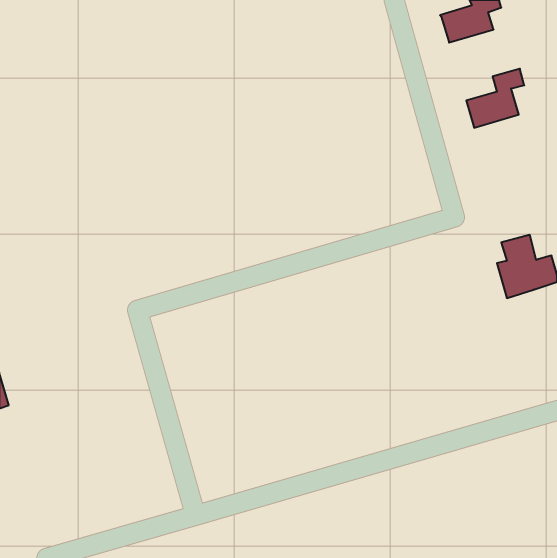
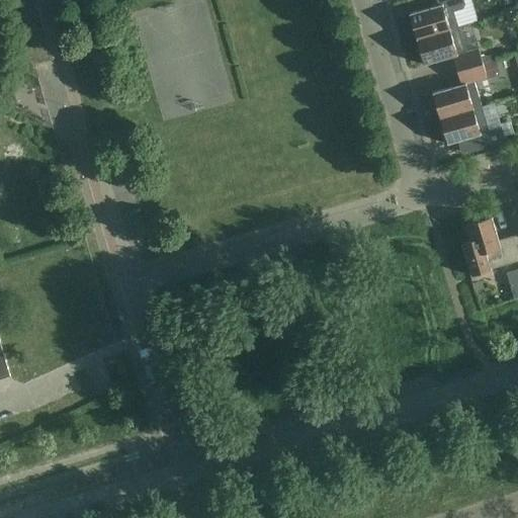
building: none -> [416,27,482,71]
building: none -> [439,106,505,151]

